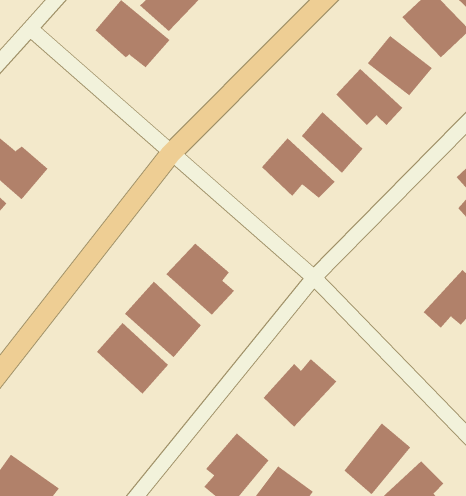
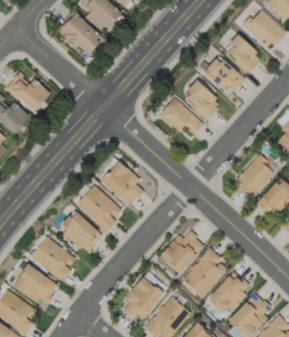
building: none -> [6,73,50,112]
building: none -> [234,156,276,198]
building: none -> [30,237,75,282]
building: none -> [182,249,227,298]
building: none -> [13,264,59,305]

